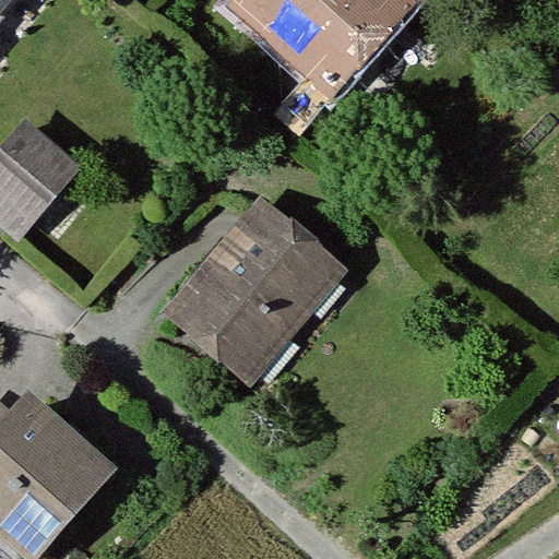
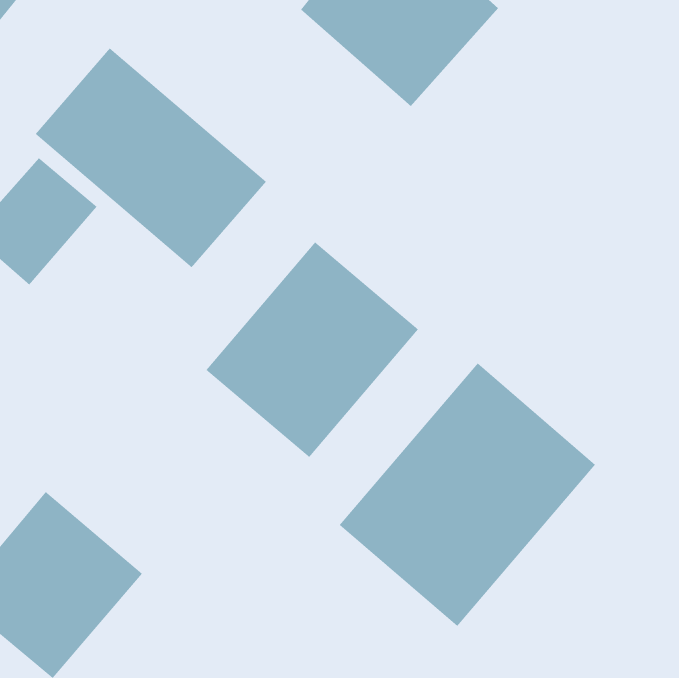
building: none -> [35,48,267,268]
building: none -> [339,362,596,627]

